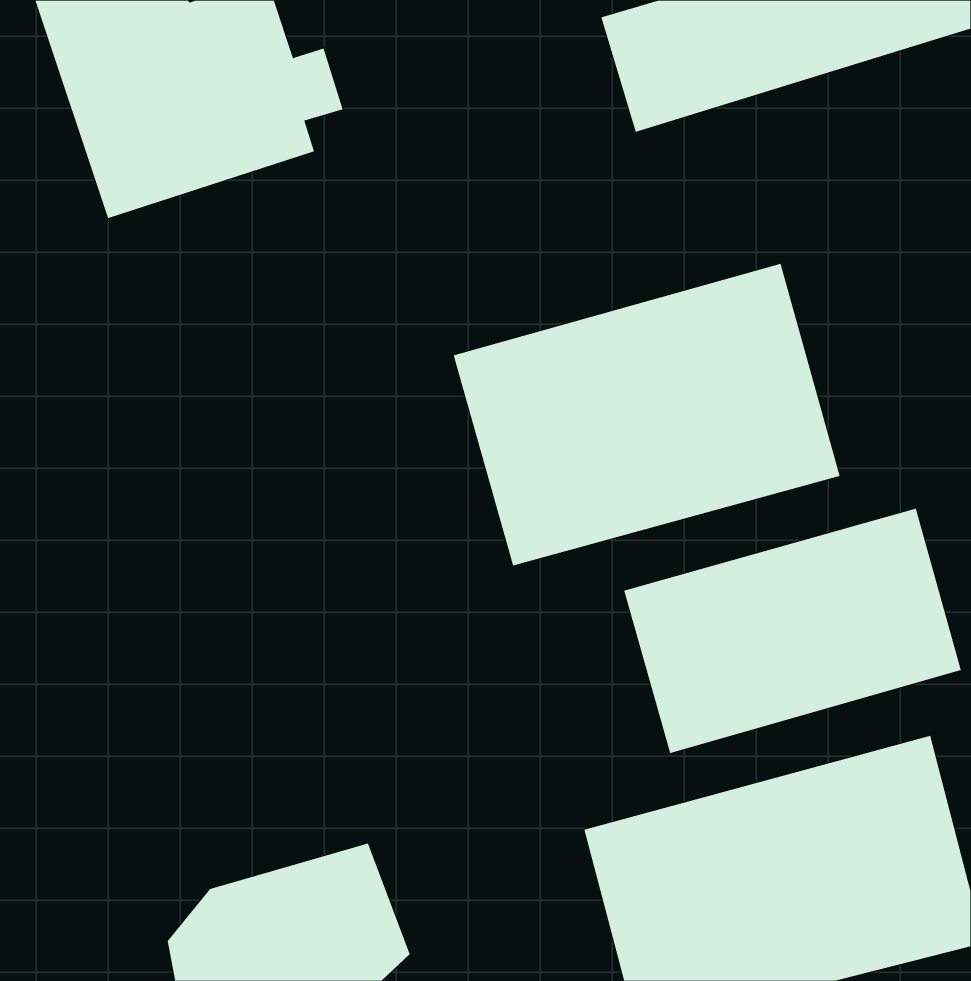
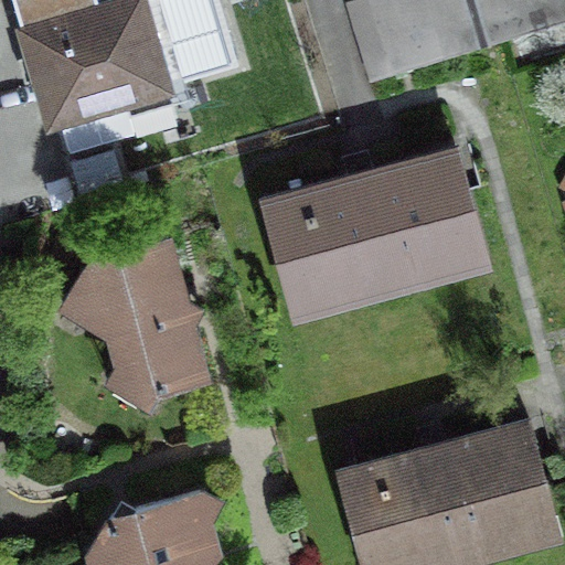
building: none -> [57,238,209,409]
building: [624,508,962,754] -> none

